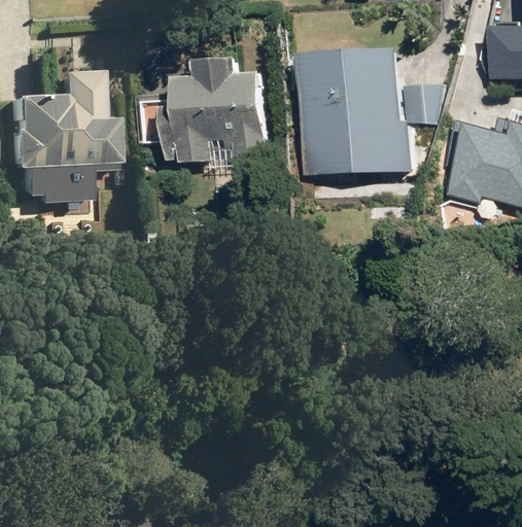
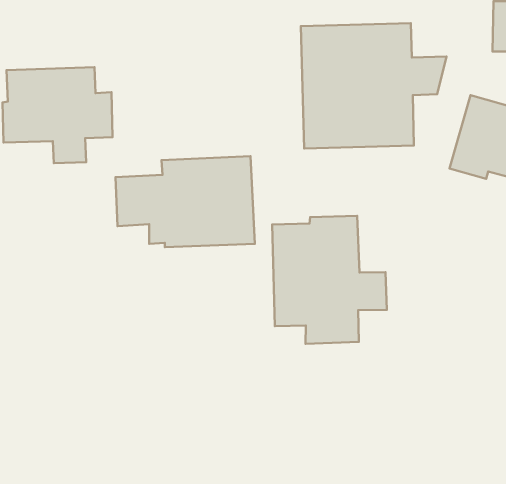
building: [135,73,272,163] -> [116,156,255,247]
building: none -> [272,216,387,344]

